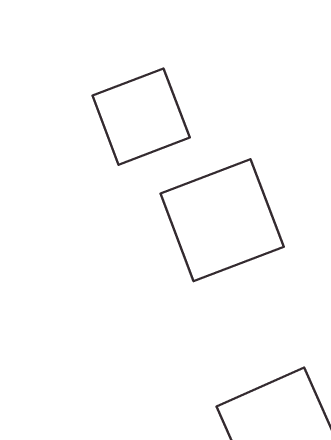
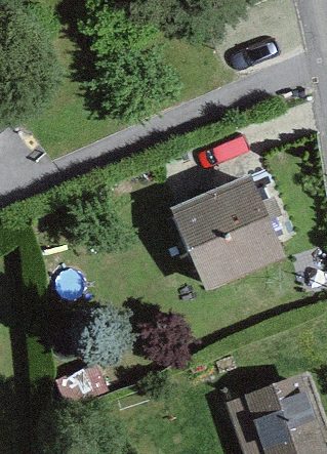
building: [92,68,190,165] -> none

